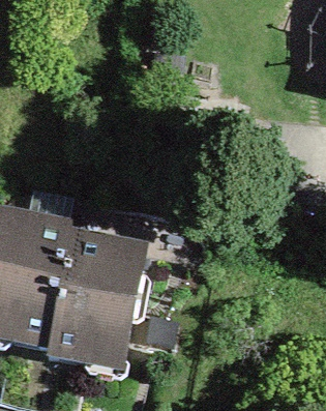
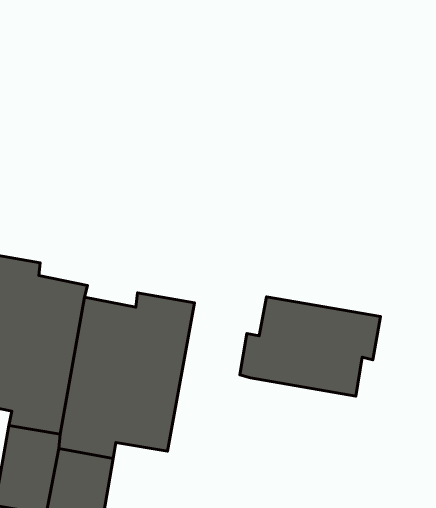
building: none -> [240,297,380,396]

